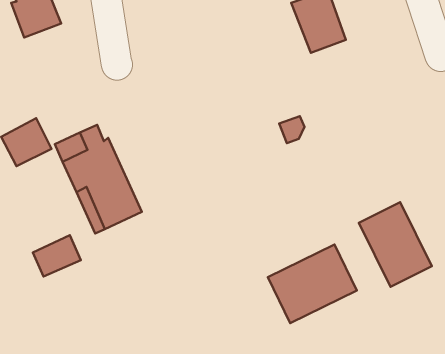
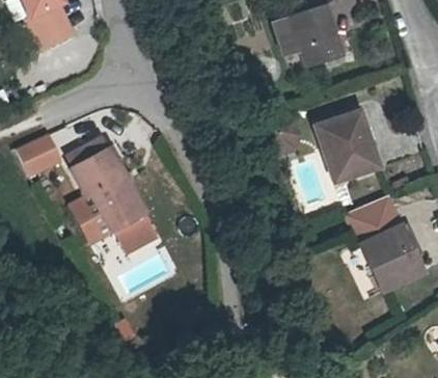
building: none -> [317,111,379,179]
building: [33,235,81,276] -> [112,217,158,257]
building: [268,244,357,323] -> none

